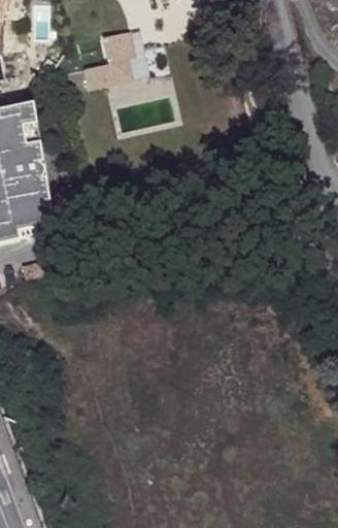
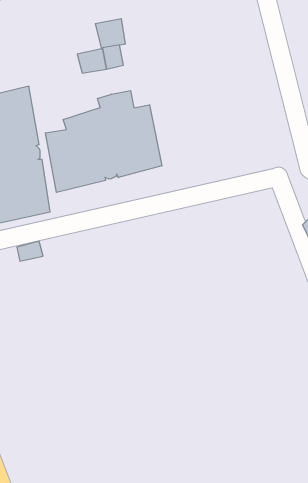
building: none -> [45,91,162,192]

